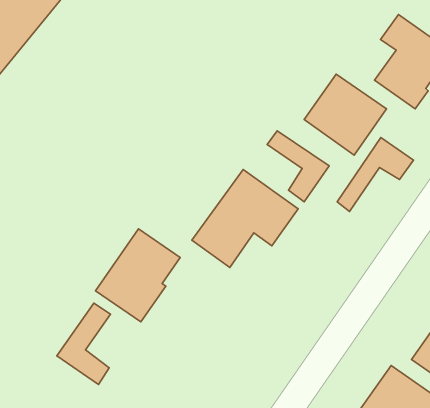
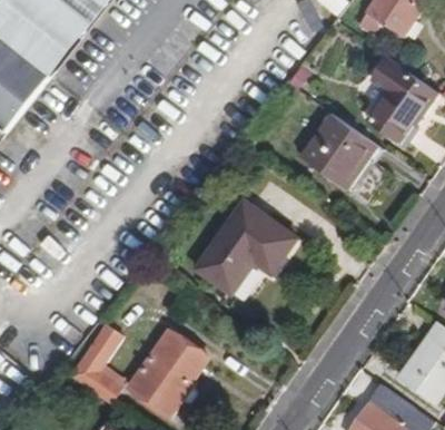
building: [267,131,329,202] -> none
building: [337,137,414,211] -> none
building: [95,229,180,322] -> [128,330,207,417]

